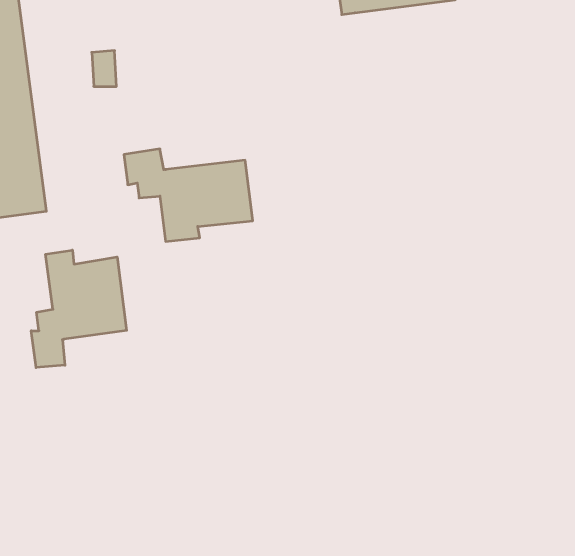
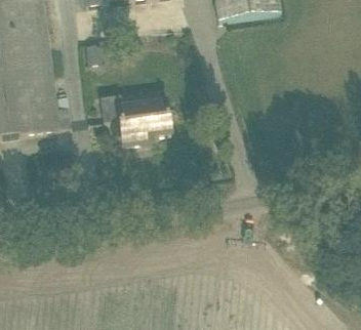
building: [31,250,127,368] -> none

